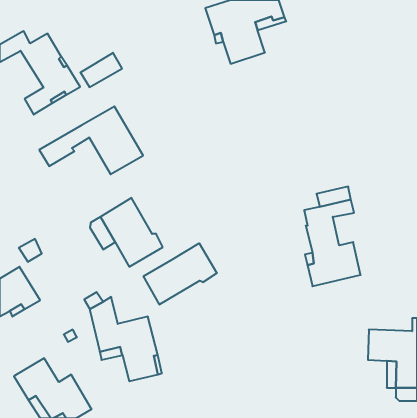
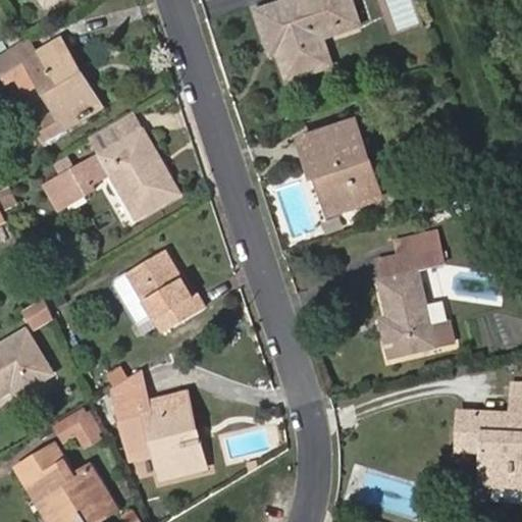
building: [80,53,122,87] -> [91,113,143,156]
building: none -> [301,121,379,214]
building: [144,243,217,305] -> none

